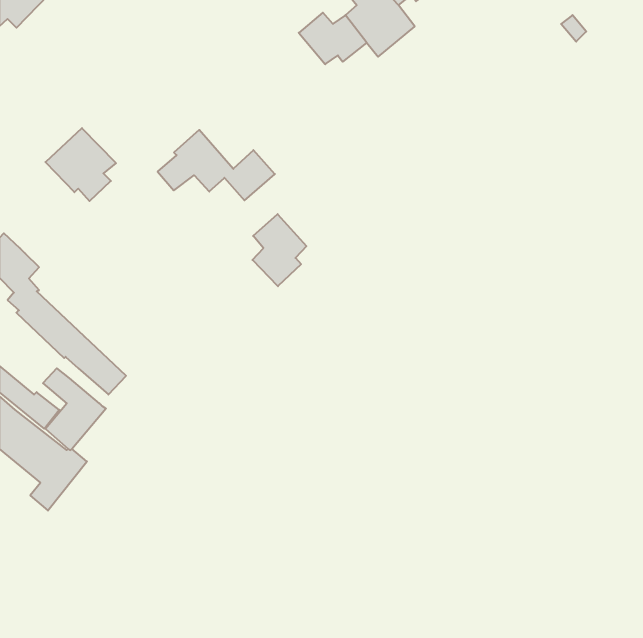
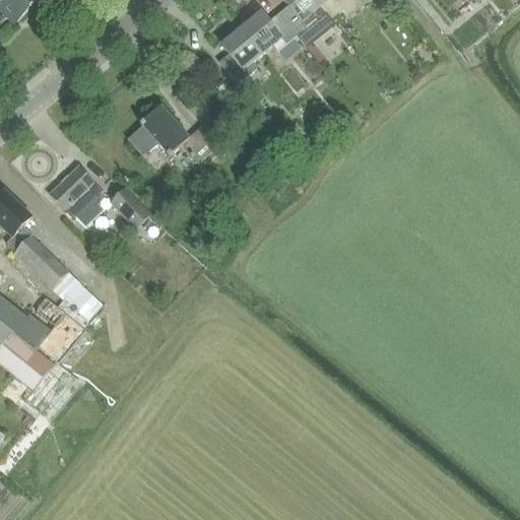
building: none -> [218,26,262,82]
building: [45,128,116,201] -> [49,166,106,224]
building: [252,214,306,286] -> none
building: none -> [110,186,151,228]

